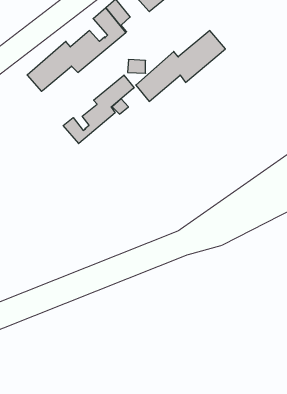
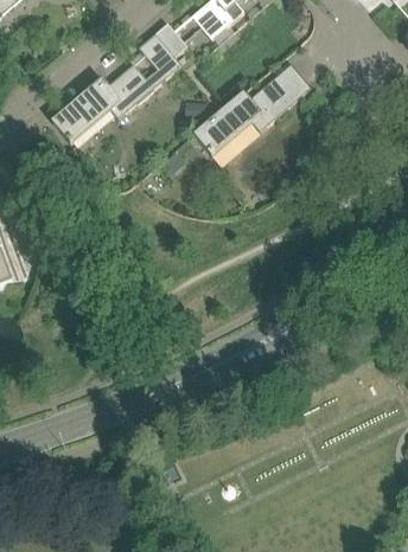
building: [63,75,134,144] -> none

